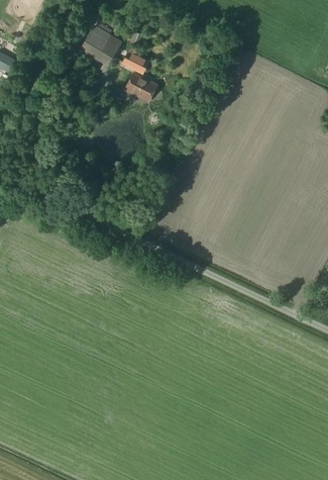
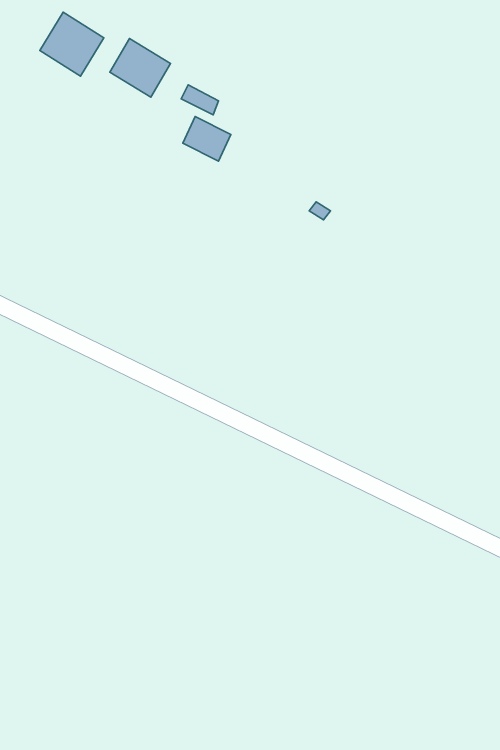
building: none -> [40,12,104,76]

